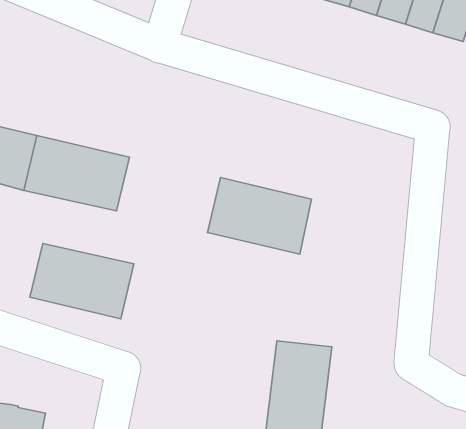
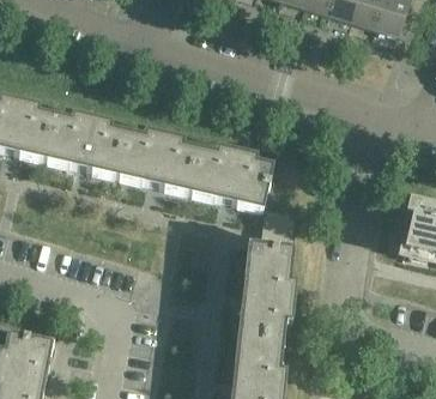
building: [30,244,134,319] -> [111,132,198,194]
building: none -> [244,210,296,289]

